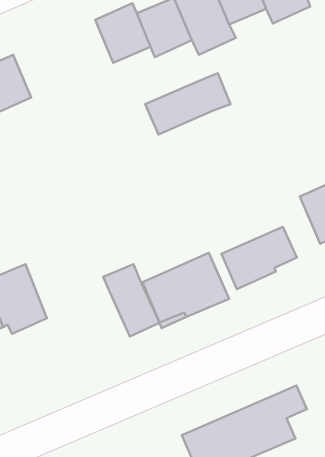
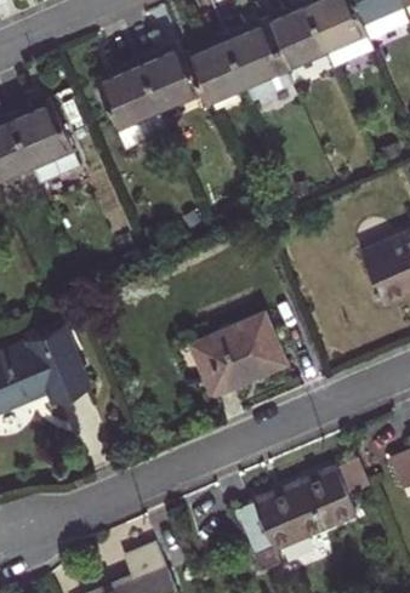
building: none -> [97,63,160,129]
building: [145,73,230,134] -> none
building: [221,227,297,289] -> none
building: [103,264,160,337] -> none

